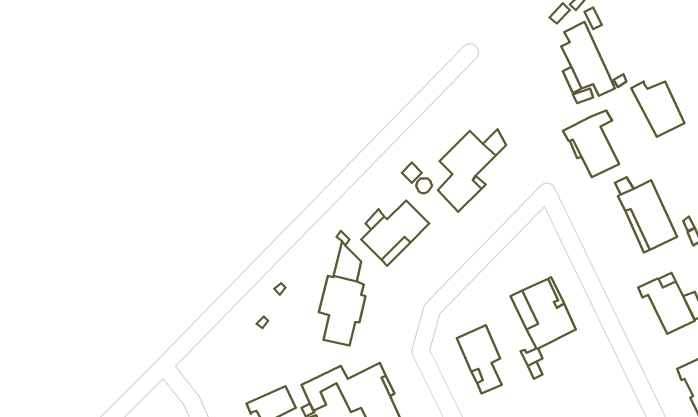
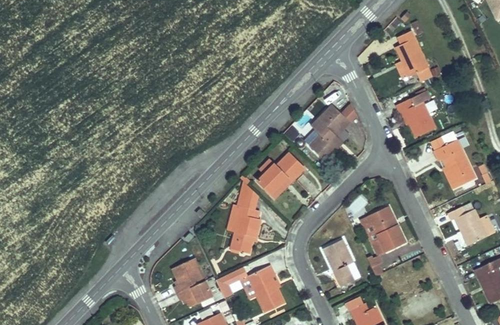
building: [631,81,684,137] -> none
building: none -> [172,258,205,293]

